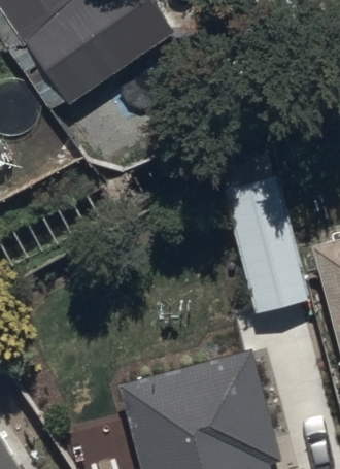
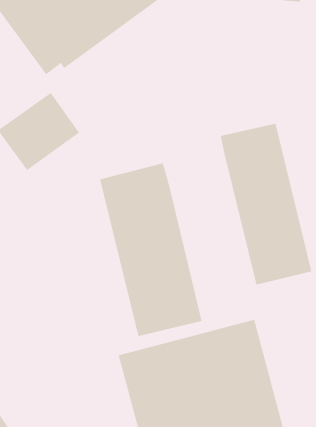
building: none -> [100,163,202,337]

